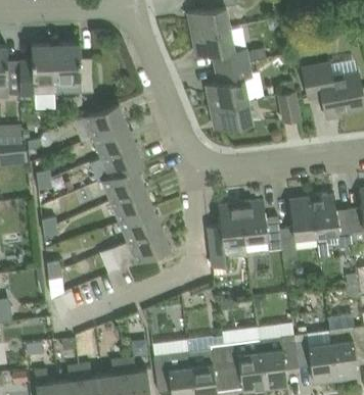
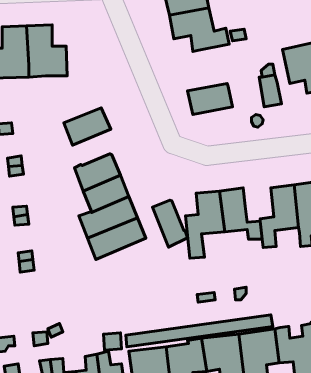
building: [206,63,254,108] -> none
building: [83,103,127,139] -> none
building: [99,145,144,180] -> none
building: none -> [153,200,188,247]

